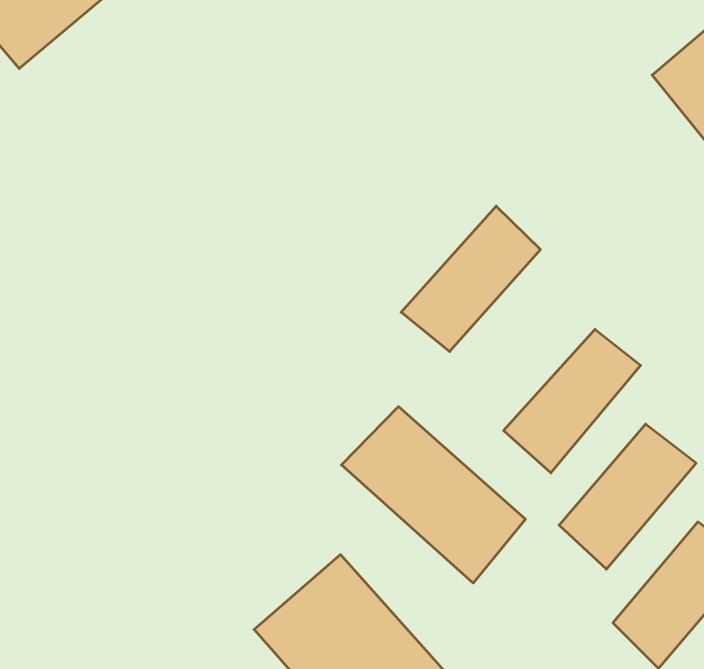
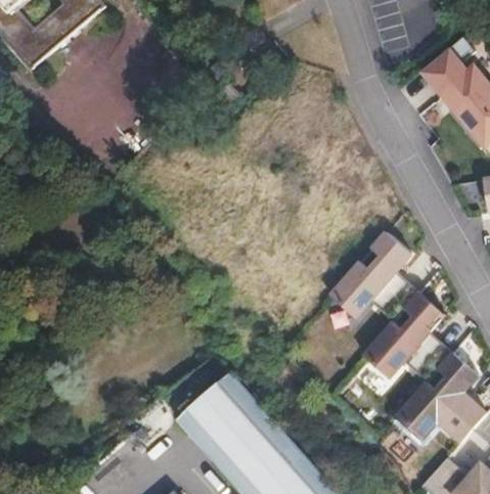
building: [401,206,540,352] -> none
building: [341,407,525,583] -> none

